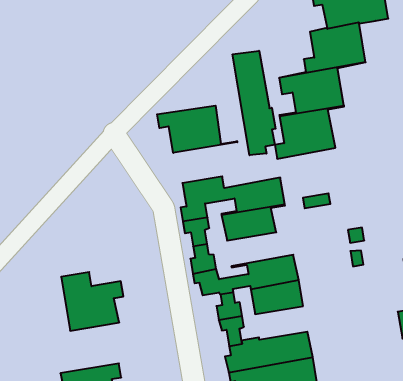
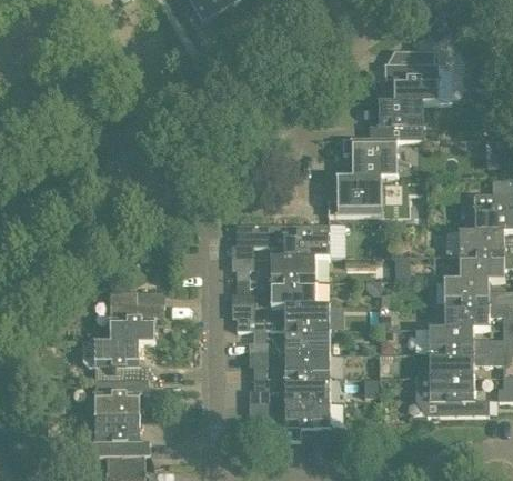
building: [233,51,276,155] -> none
building: [157,106,237,153] -> none
building: none -> [269,281,328,305]
building: none -> [283,353,329,378]
building: none -> [83,340,157,378]

